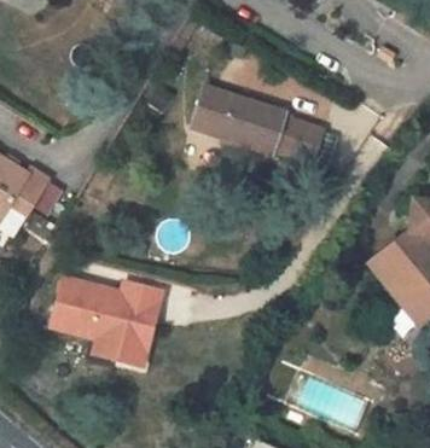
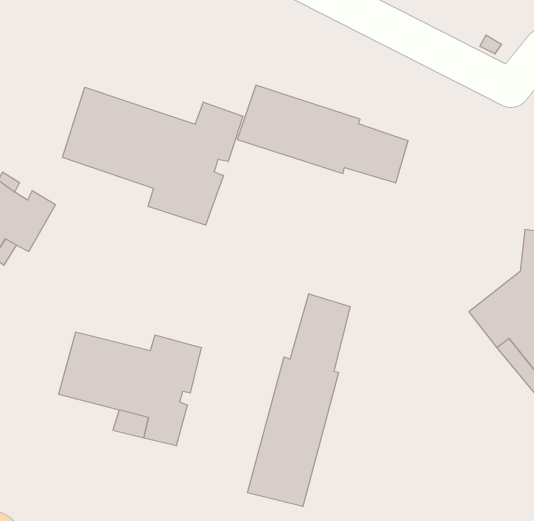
building: none -> [63,87,243,225]
building: none -> [247,294,350,507]

